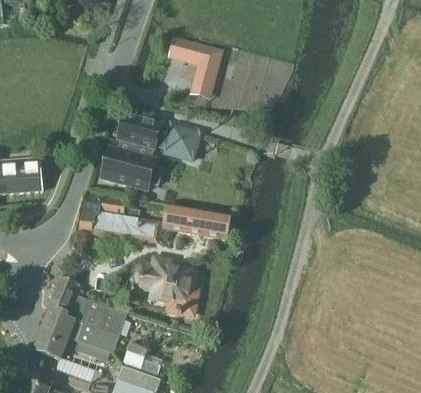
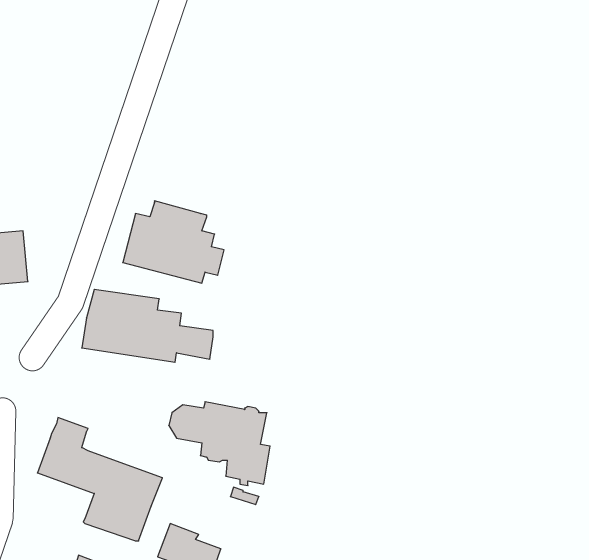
building: [184,41,222,84] -> none
building: [117,111,203,161] -> none
building: [161,204,229,241] -> none
building: [32,311,83,359] -> none

